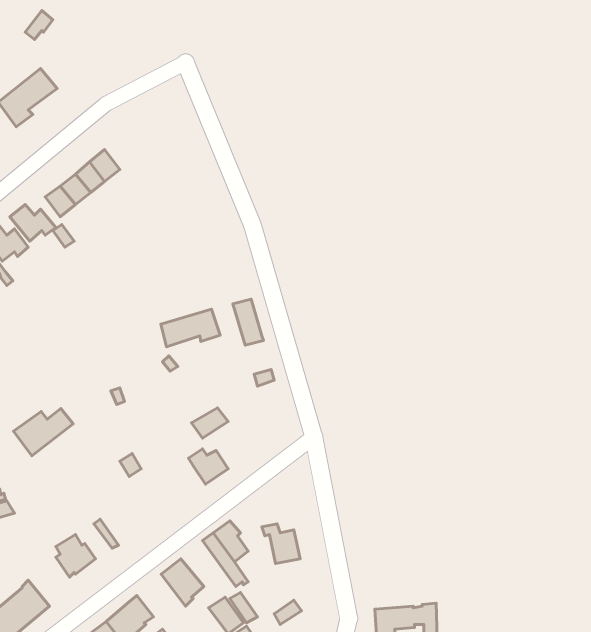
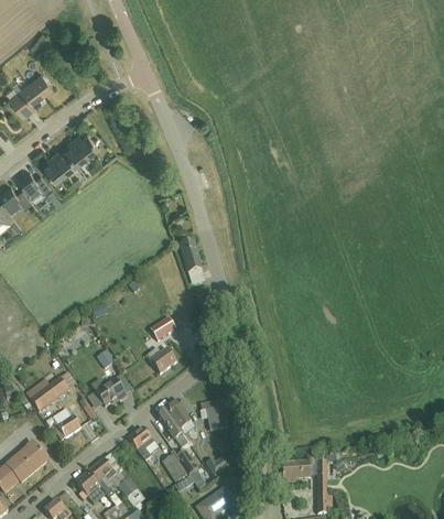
building: [161,309,220,347] -> none
building: [14,408,73,456] -> [25,377,68,411]
building: none -> [91,377,127,406]

